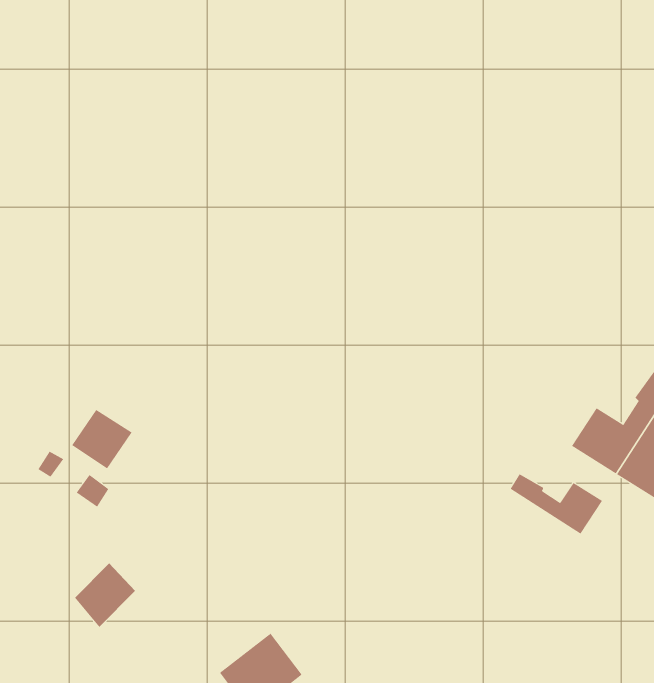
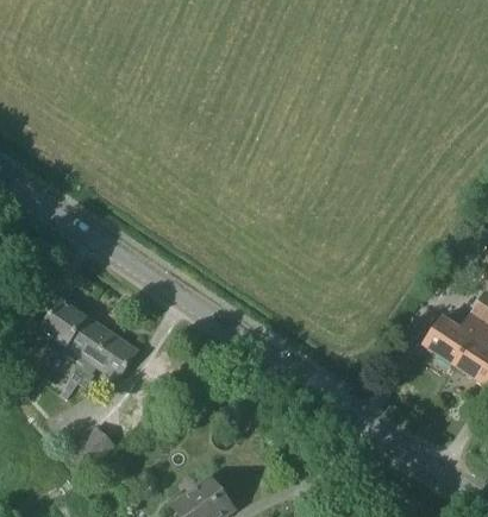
building: none -> [42,300,86,343]
building: none -> [94,334,138,377]
building: [510,474,603,535] -> none

